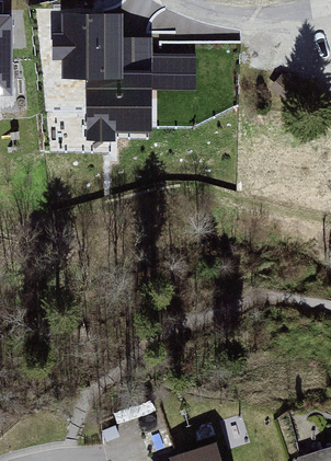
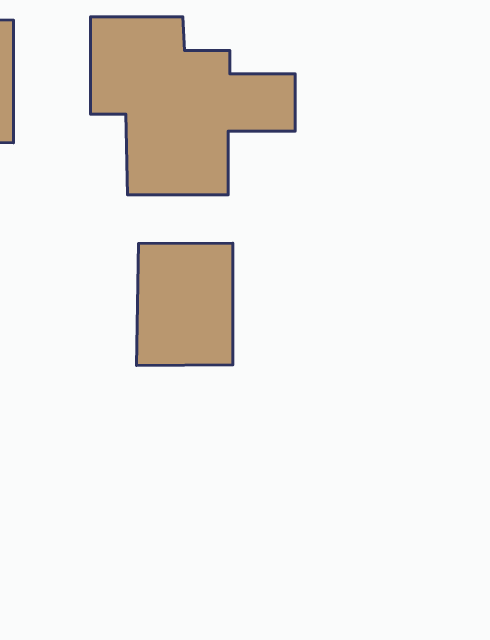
building: none -> [137,243,233,365]

